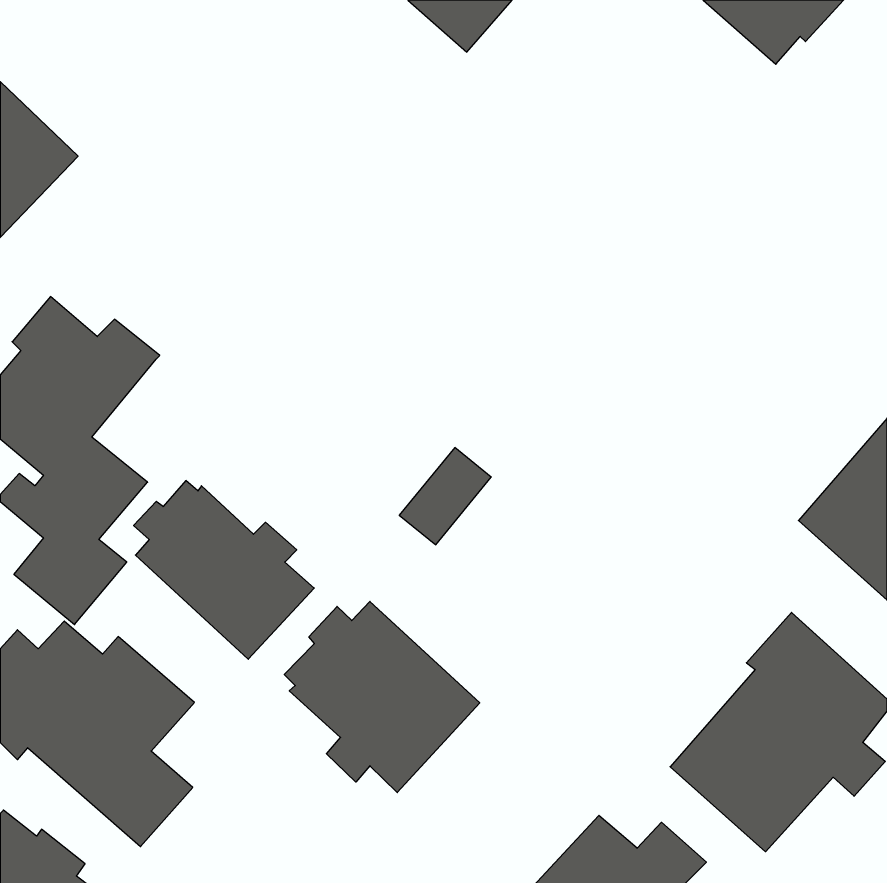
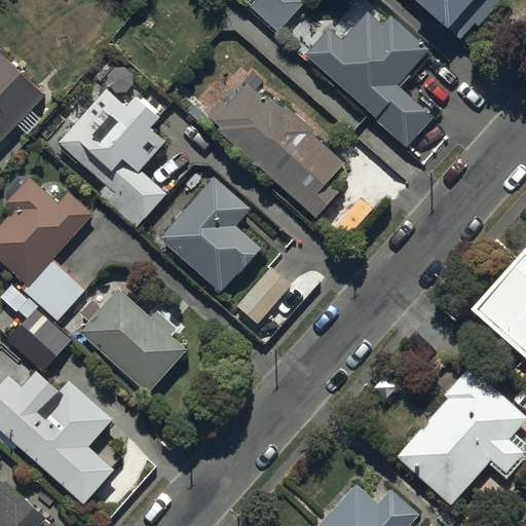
building: none -> [306,11,433,149]
building: none -> [206,82,343,218]
building: none -> [58,89,165,230]
building: none -> [158,176,262,292]
building: [284,601,480,793] -> none

